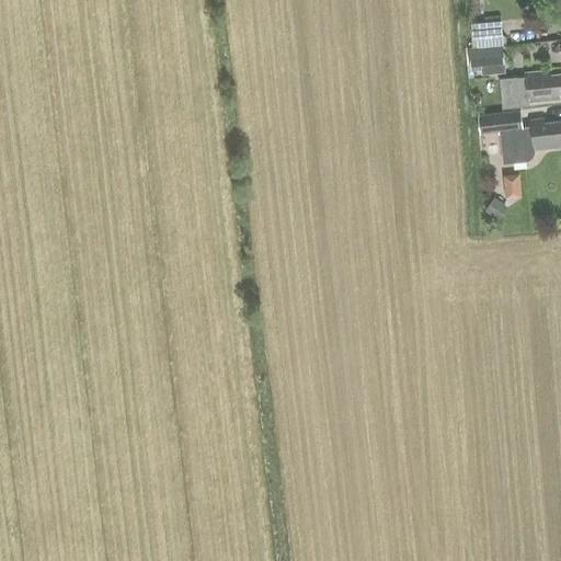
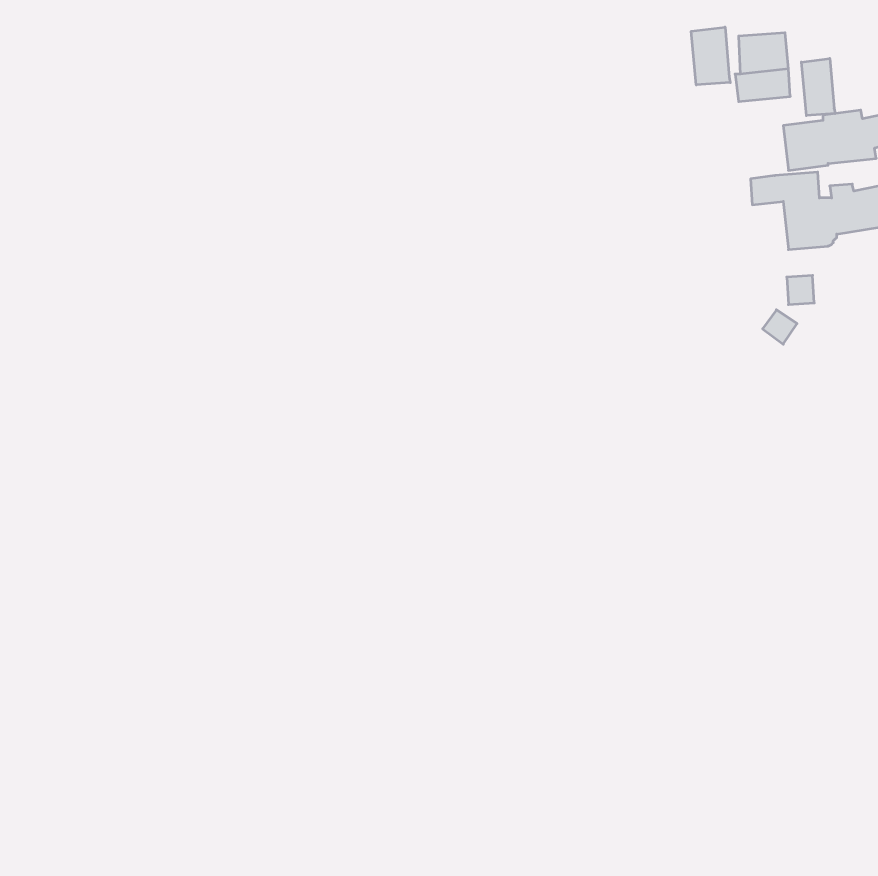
building: none -> [691,27,730,85]
building: none -> [801,58,835,116]

